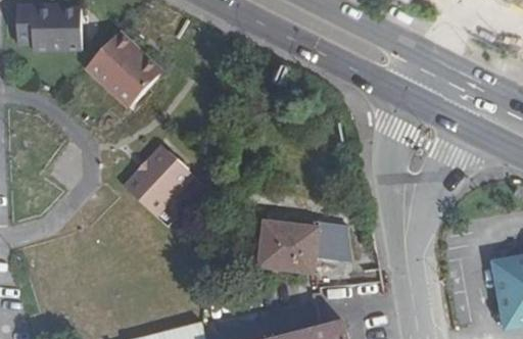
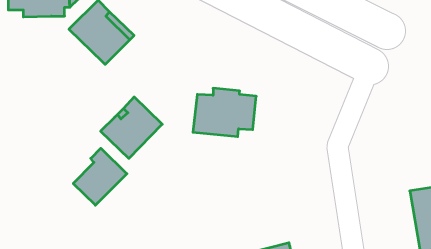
building: none -> [73,148,127,205]
building: [260,219,334,275] -> [193,88,256,137]

